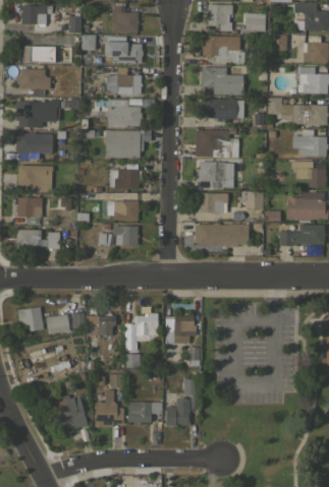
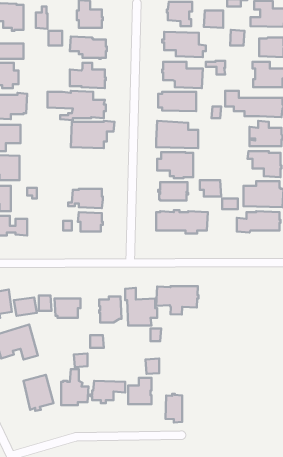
building: [109,164,141,189] -> none
building: none -> [156,286,199,315]
building: none -> [166,394,182,422]

